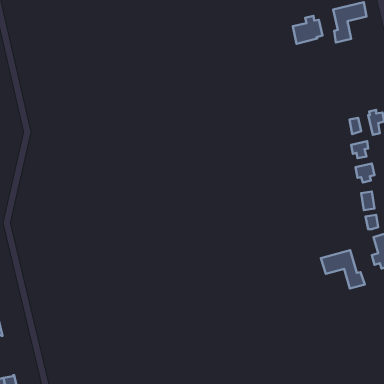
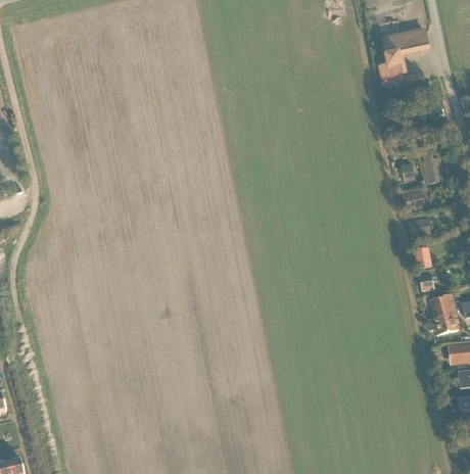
building: [293,16,322,44] -> none
building: [321,250,365,289] -> none

